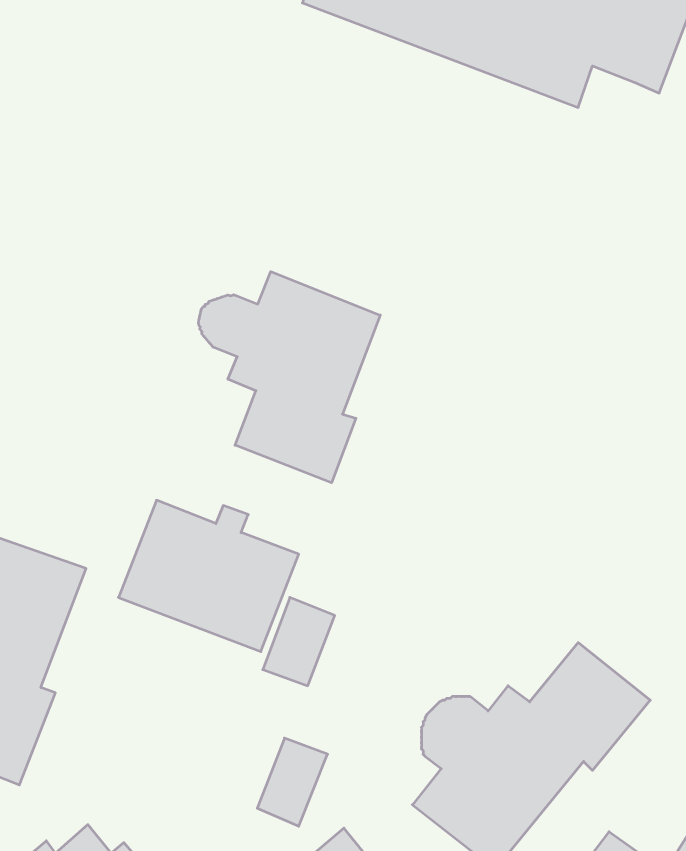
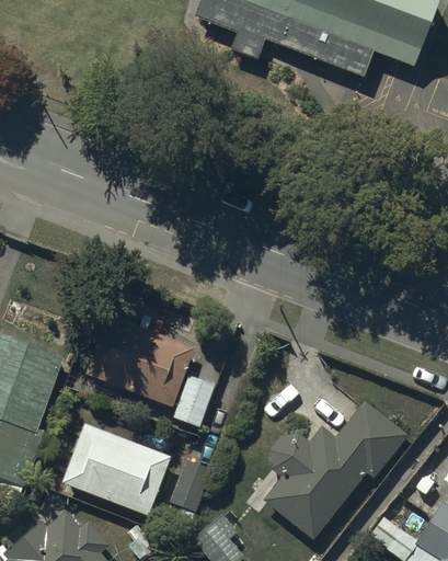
building: [198,272,380,483] -> none
building: none -> [60,423,170,515]

